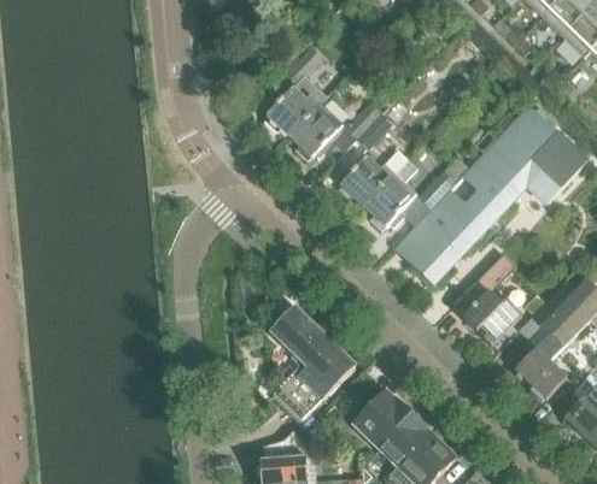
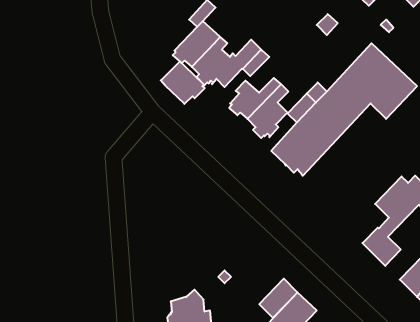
building: none -> [161,62,205,104]
building: [456,254,522,346] -> none
building: [273,308,356,420] -> none
building: [355,391,412,449] -> none

